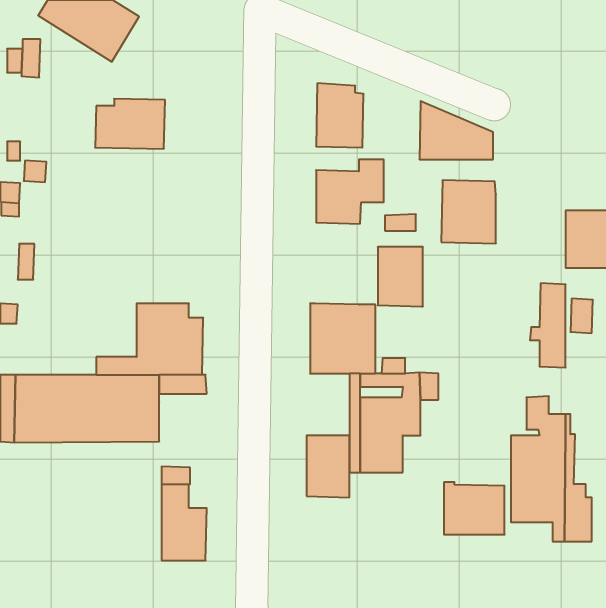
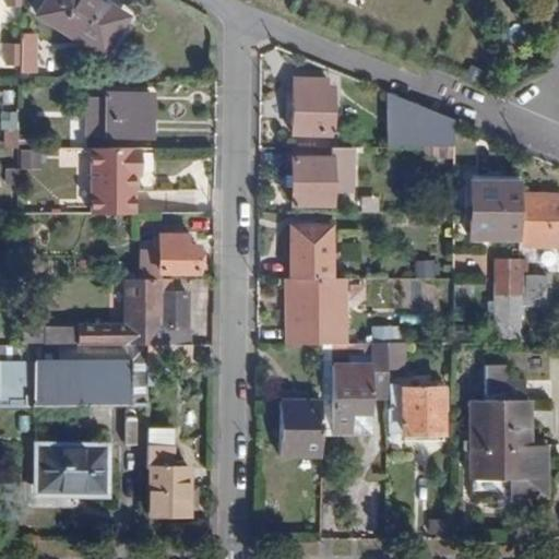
building: none -> [91,147,141,214]
building: [441,180,496,243] -> [471,180,521,238]
building: [378,247,423,306] -> [290,225,332,280]
building: none -> [142,236,198,278]
building: [444,482,505,535] -> [390,384,445,432]
building: none -> [37,444,107,493]

